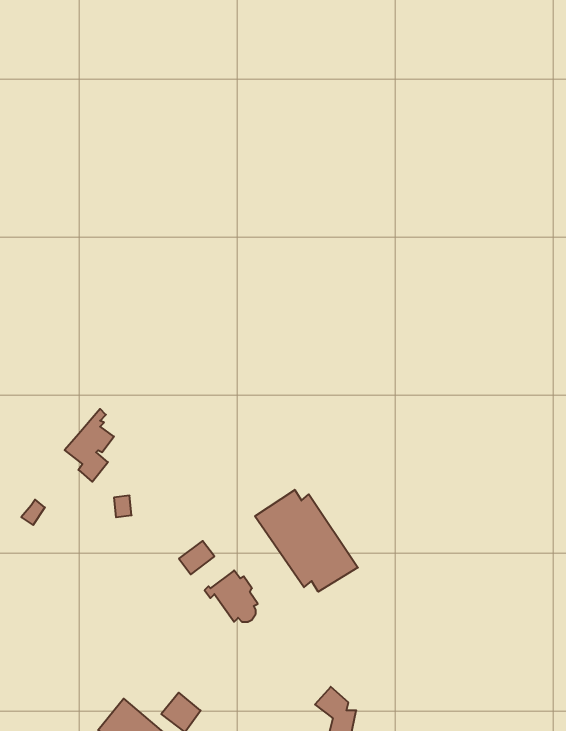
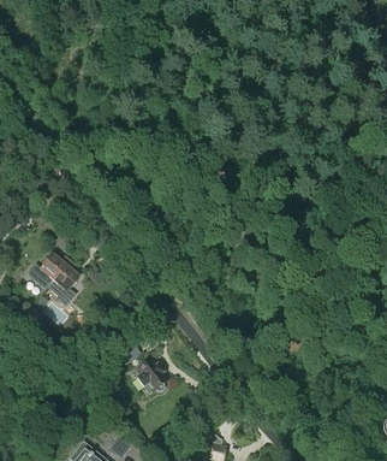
building: none -> [29,256,70,288]
building: [255,490,358,592] -> none

